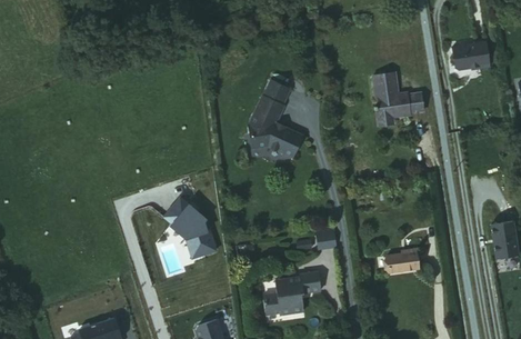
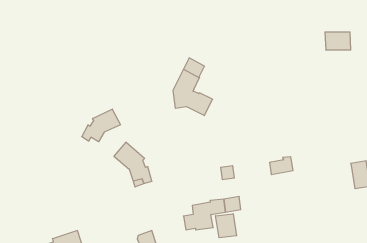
building: [372,72,424,127] -> none
building: none -> [82,109,120,142]
building: [389,249,421,273] -> [270,157,293,175]
building: none -> [216,214,237,238]

